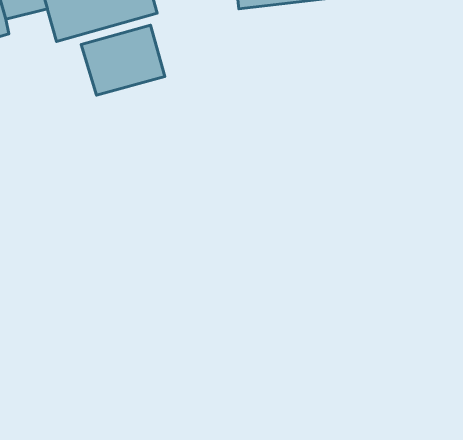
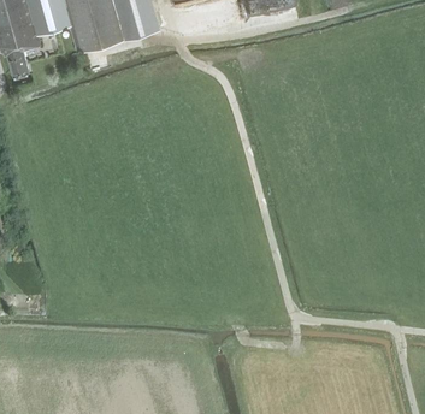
building: [81,25,165,95] -> none

